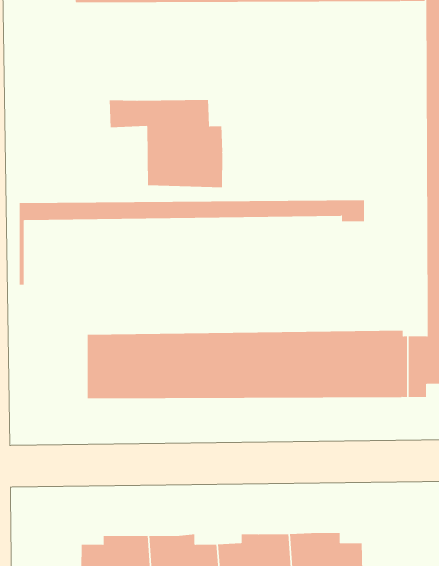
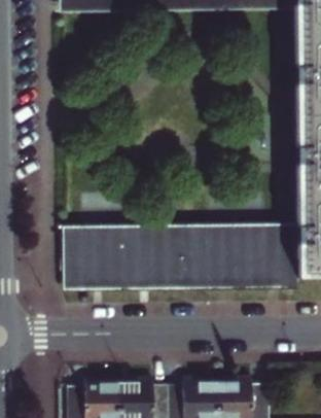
building: [109,99,223,188] -> none
building: [19,200,365,285] -> [66,225,309,285]

